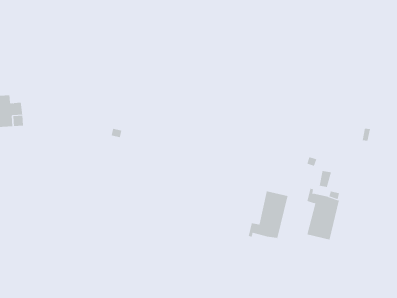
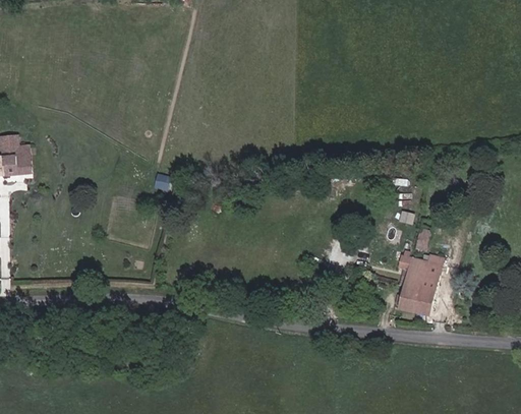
building: [248,190,288,239] -> none

